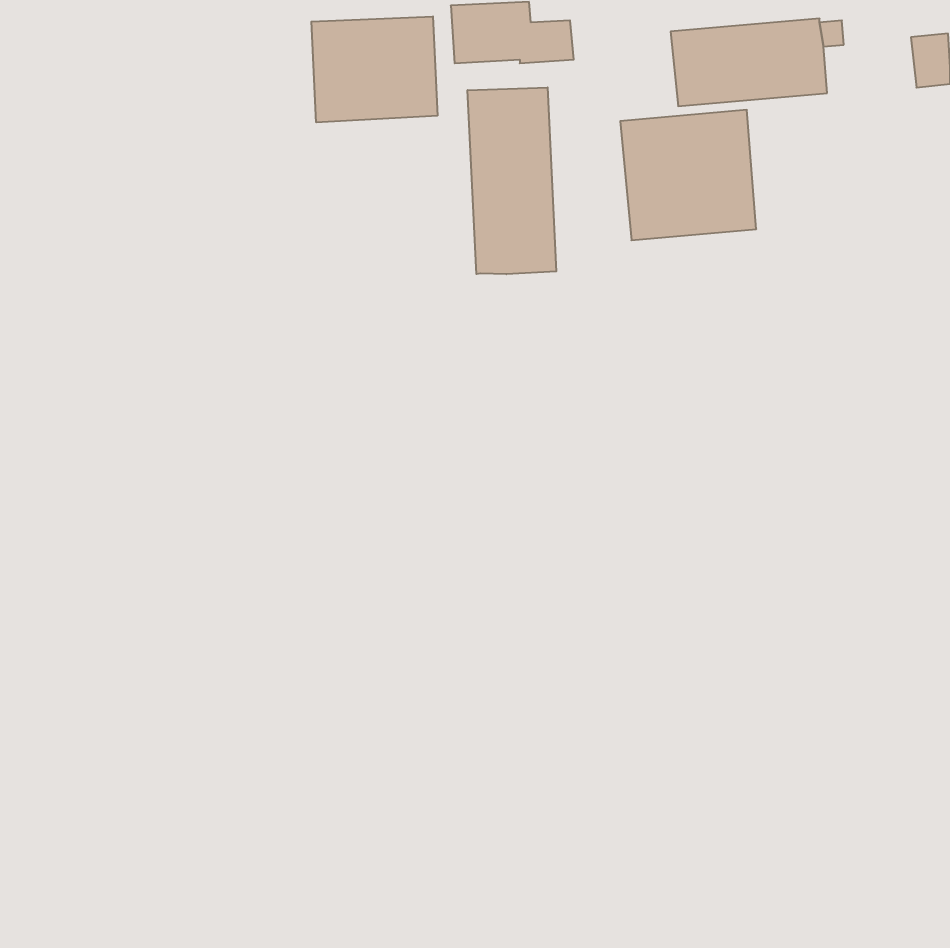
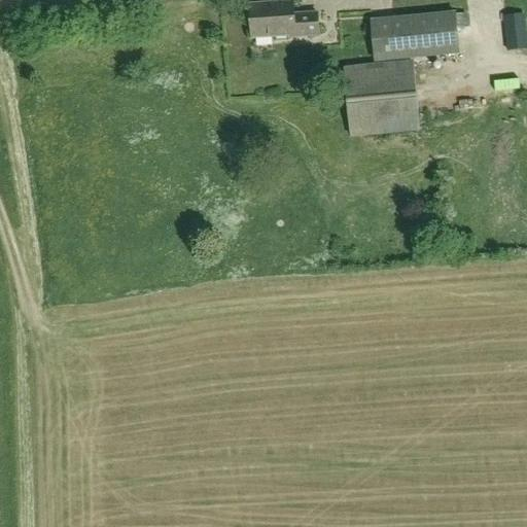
building: [311,16,437,122] -> none
building: [468,87,556,274] -> none

